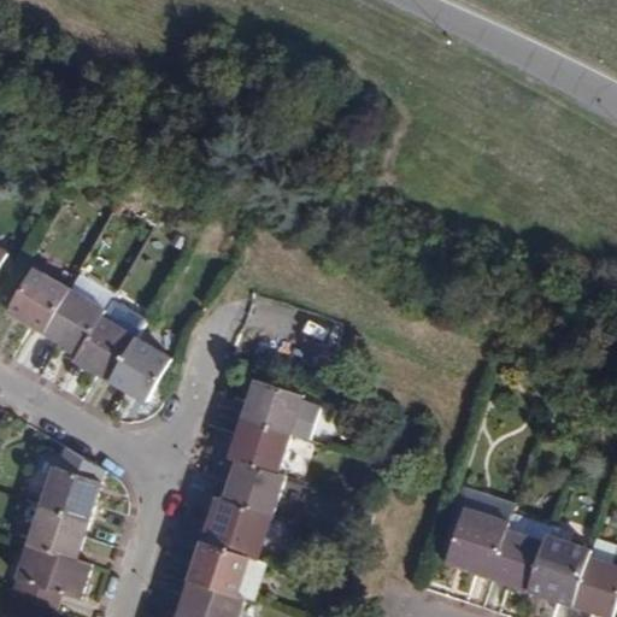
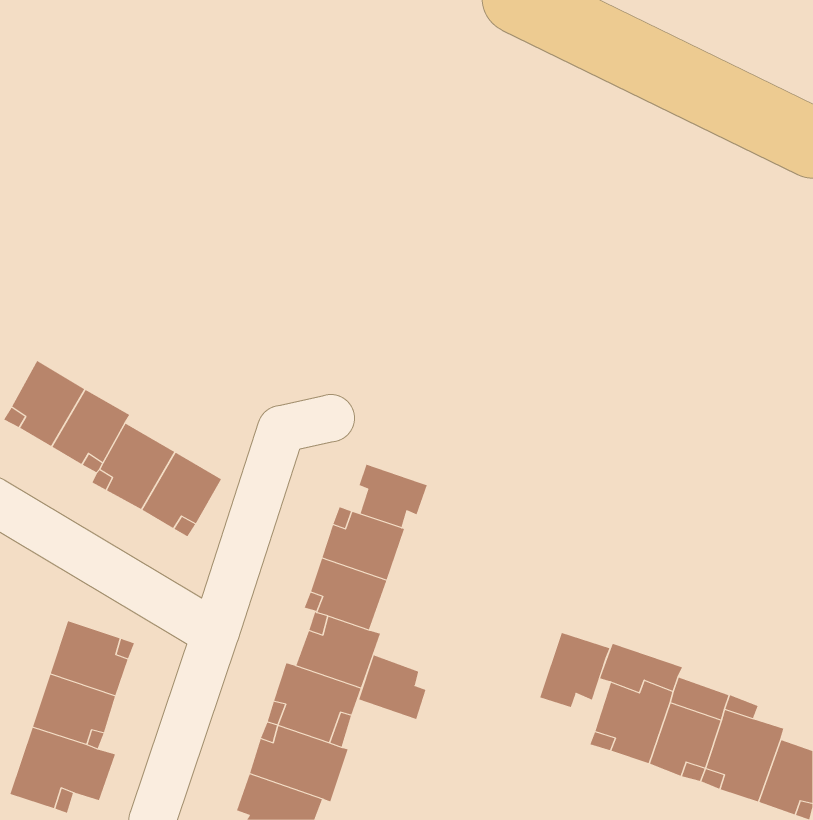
building: none -> [359,464,427,528]
building: none -> [540,632,610,708]
building: none -> [359,655,426,720]

